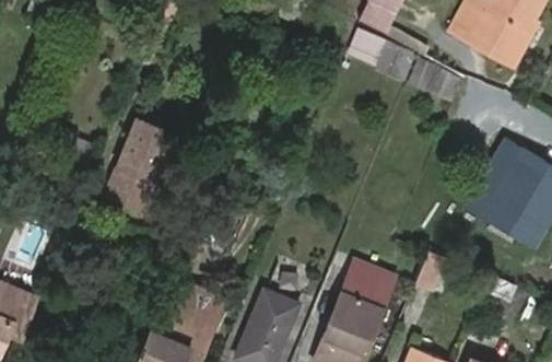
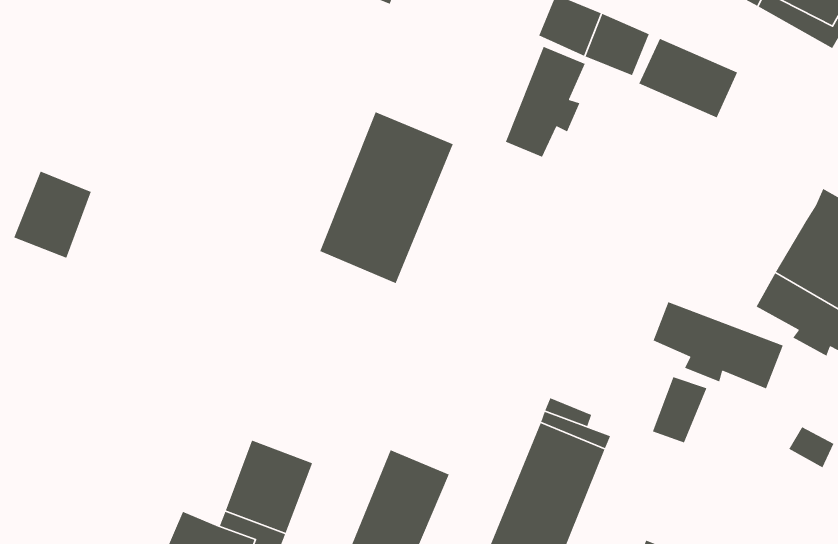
building: none -> [505,46,586,158]
building: [104,119,180,218] -> [319,111,454,284]
building: none -> [653,301,784,390]

